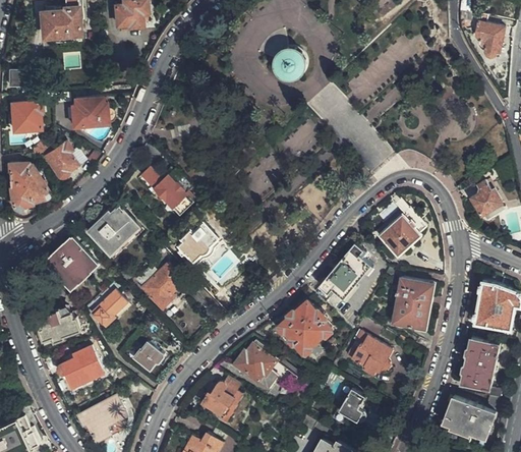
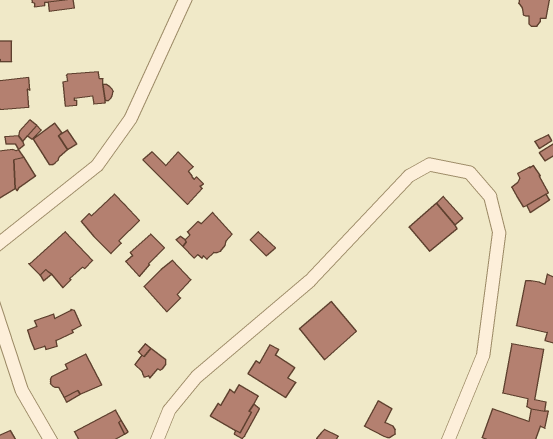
building: [275,46,309,79] -> none
building: [313,241,368,304] -> none
building: [381,270,426,329] -> none
building: [93,288,127,326] -> [126,234,164,276]
building: [350,333,392,375] -> none

